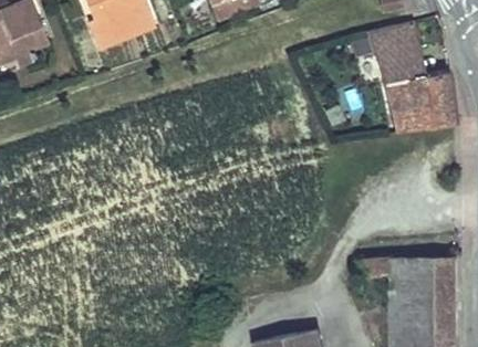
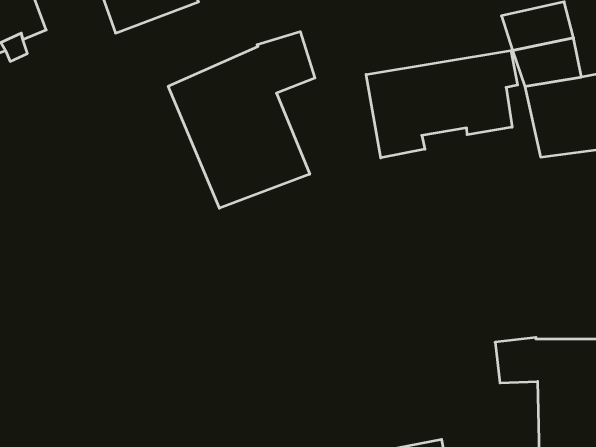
building: none -> [168,32,315,208]
building: none -> [366,51,518,158]

